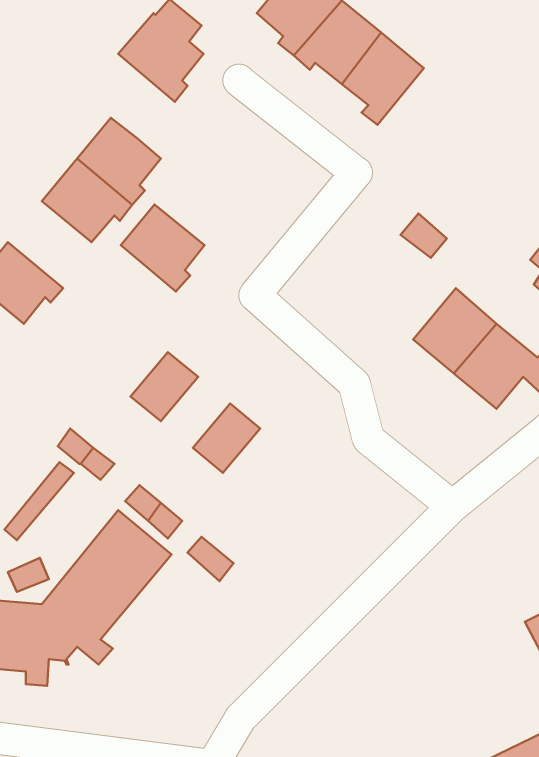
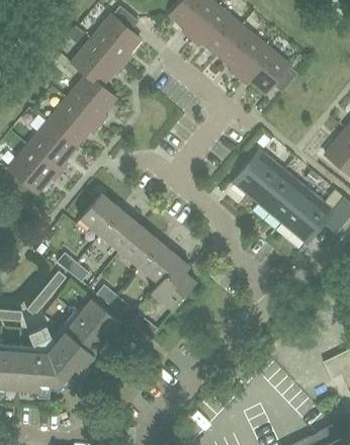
building: none -> [238,35,297,94]
building: none -> [71,38,122,86]
building: [121,204,204,291] -> [27,122,75,172]
building: none -> [234,152,282,201]
building: none -> [79,193,118,234]
building: none -> [114,222,154,263]
building: none -> [150,252,196,310]

